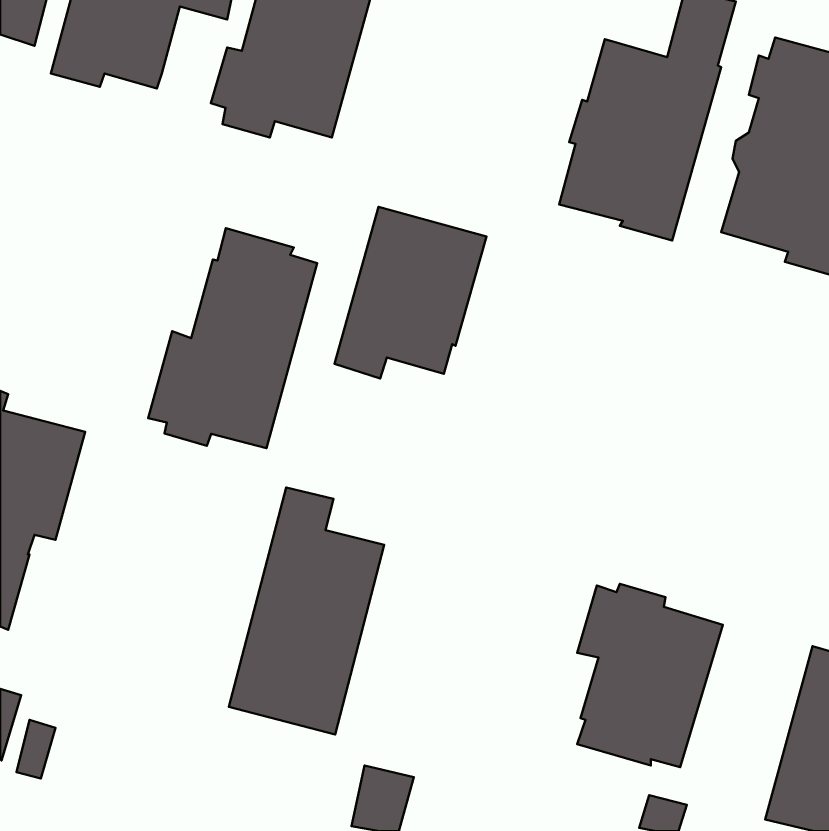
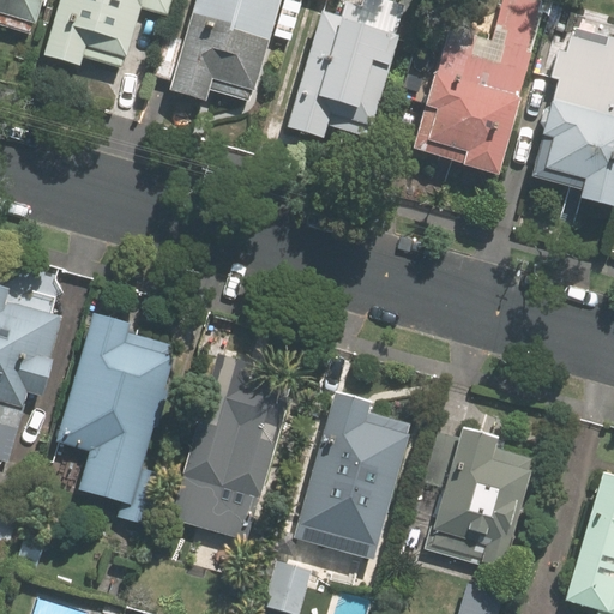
building: [334,207,486,379] -> [287,16,398,142]
building: [148,228,317,448] -> none
building: none -> [54,314,176,524]
building: none -> [294,393,414,558]

